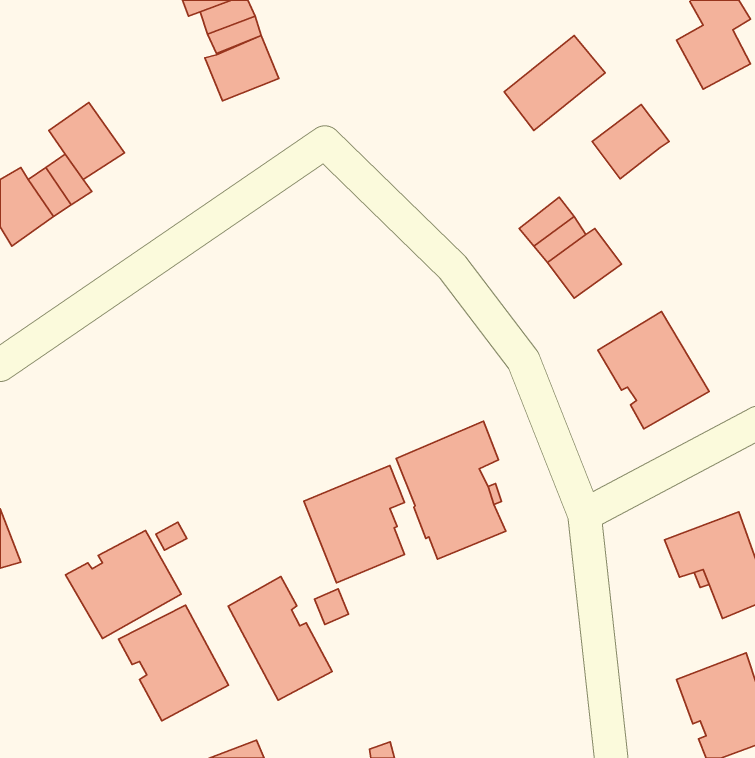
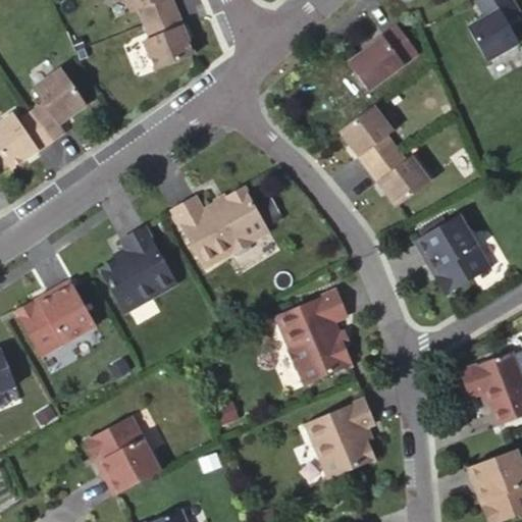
building: [592,105,669,179] -> [340,106,393,157]
building: none -> [171,187,279,268]
building: none -> [99,226,177,314]
building: [304,466,405,583] -> [304,399,373,479]
building: [65,530,181,639] -> [15,281,95,356]
building: [228,576,332,700] -> none

